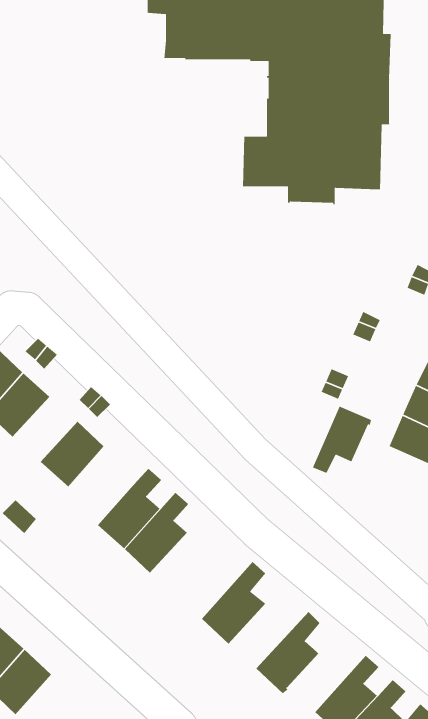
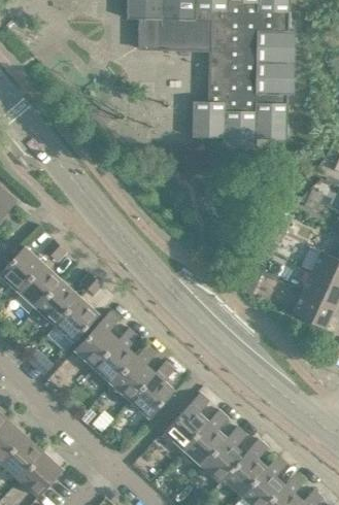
building: none -> [35,279,79,324]
building: [312,406,372,474] -> none
building: none -> [74,310,118,367]
building: none -> [129,361,174,417]
building: none -> [182,409,228,465]
building: none -> [223,438,267,495]

